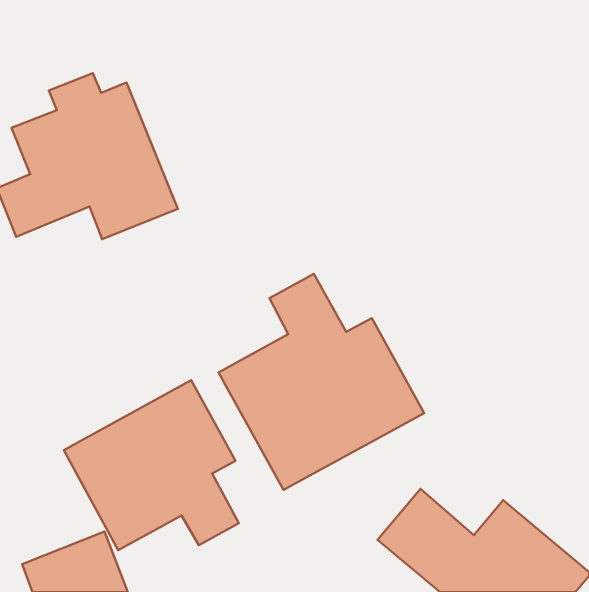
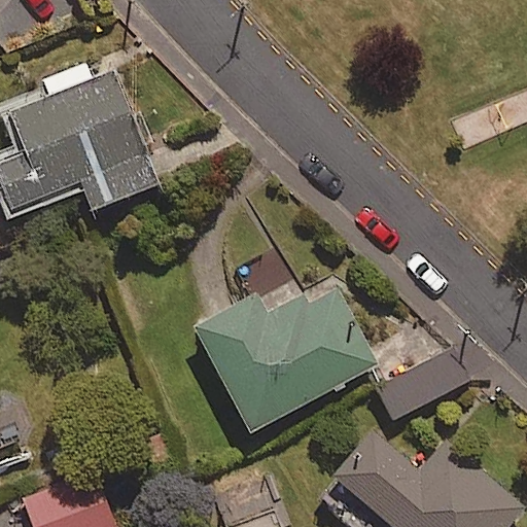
building: [64,380,239,550] -> none
building: none -> [375,347,472,424]

